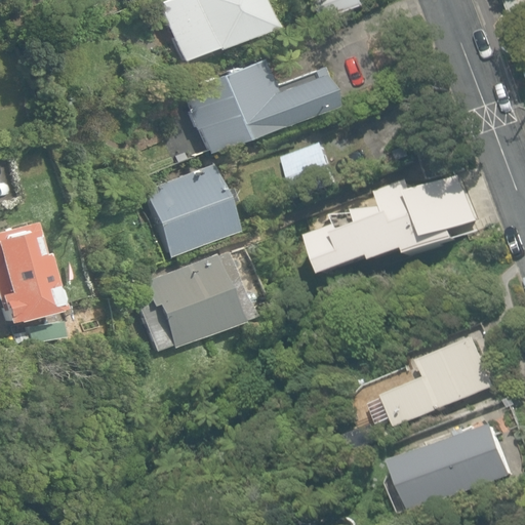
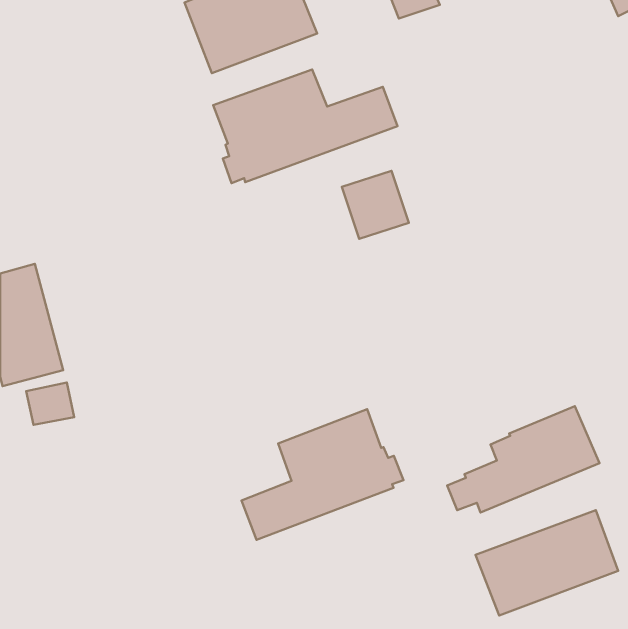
building: [144,161,238,254] -> none
building: [318,173,482,275] -> none
building: [148,249,240,346] -> none
building: none -> [242,409,403,540]

